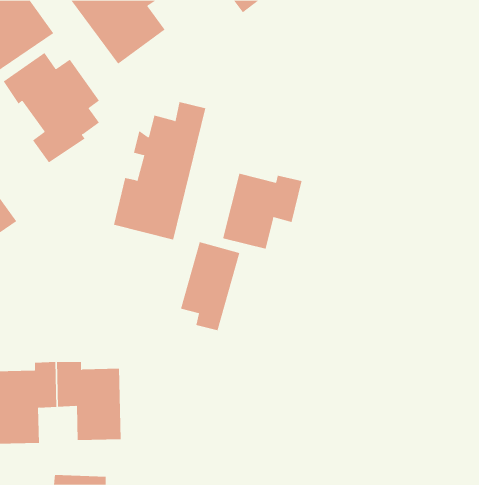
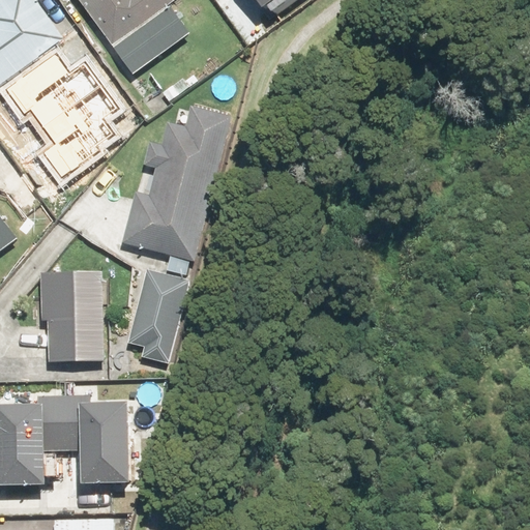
building: [223,173,302,250] -> none
building: [180,242,240,331] -> [126,268,192,365]
building: none -> [42,272,105,361]

